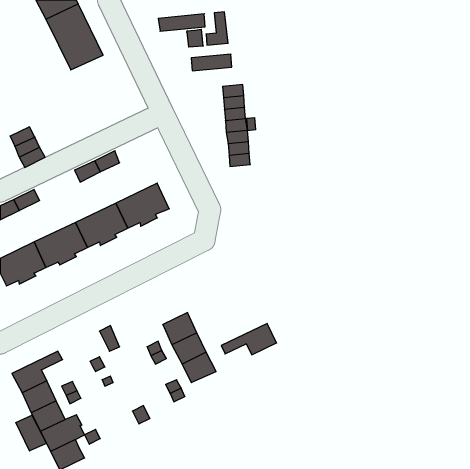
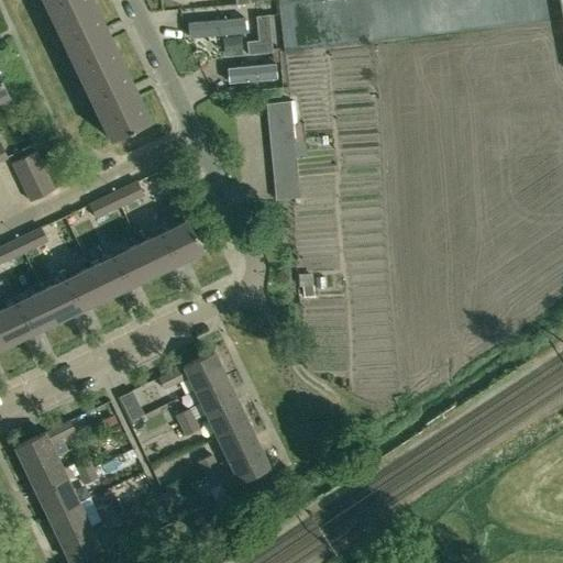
building: none -> [85,67,150,140]
building: [221,324,277,355] -> [158,352,224,389]
building: none -> [229,445,269,483]
building: [16,415,47,451] -> none

